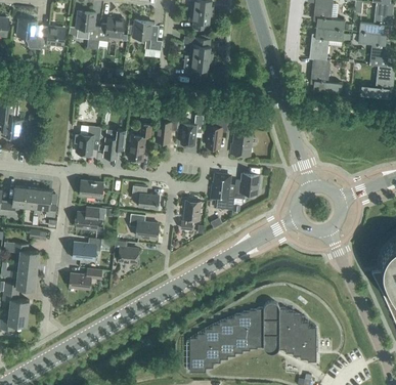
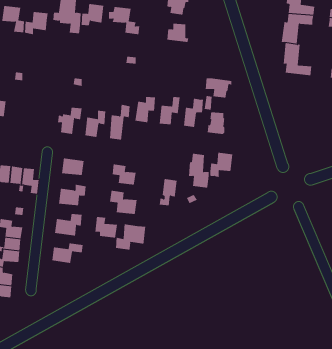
building: [183,55,212,77] -> [205,78,232,98]
building: none -> [116,223,146,251]
building: [189,301,316,372] -> none

